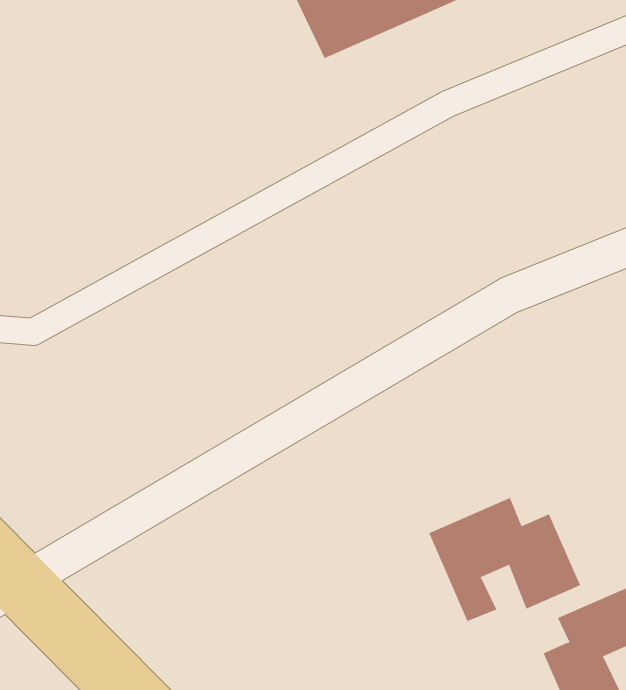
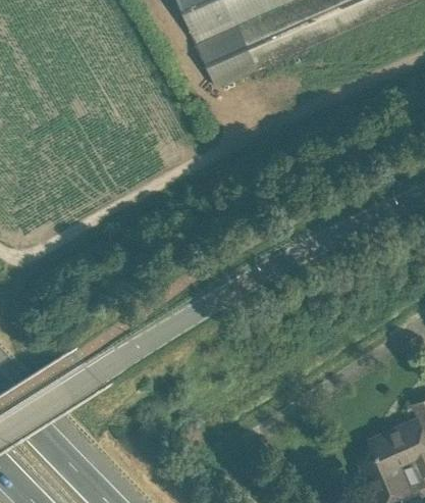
building: [428,497,581,622] -> none

